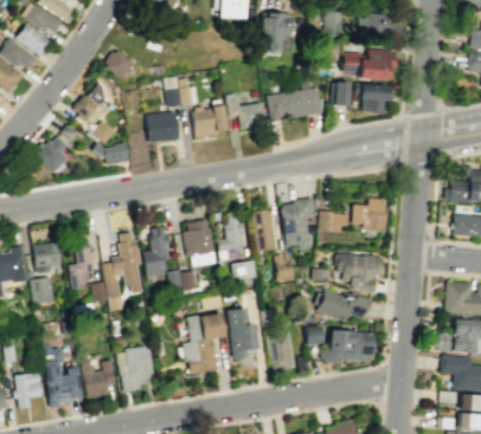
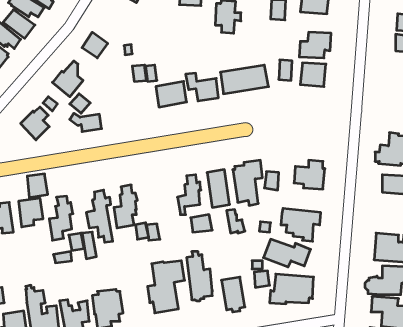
building: [147,112,180,142] -> none
building: [184,220,216,266] -> none
building: [31,277,54,304] -> [27,174,48,198]

